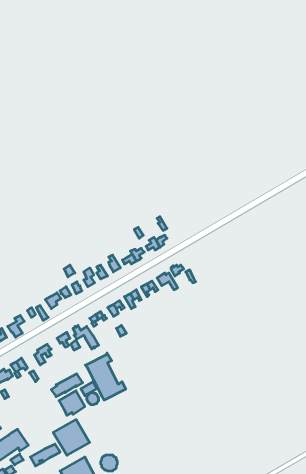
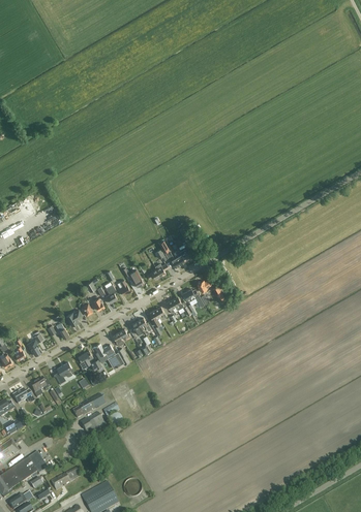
building: [85,353,126,400] -> none
building: [53,420,90,455] -> none

